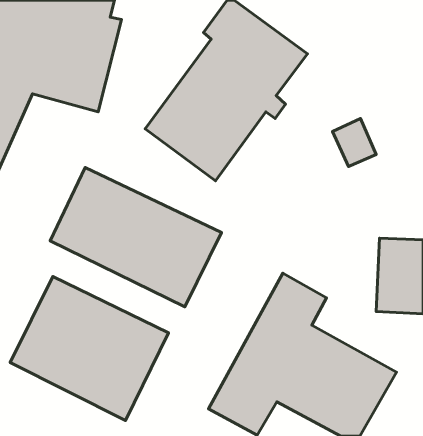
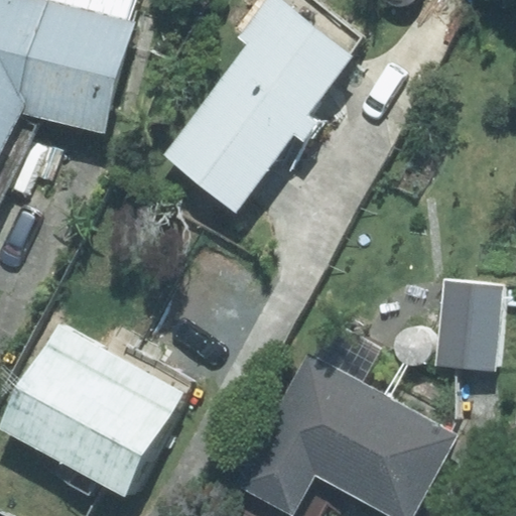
building: [50,168,222,307] -> none

